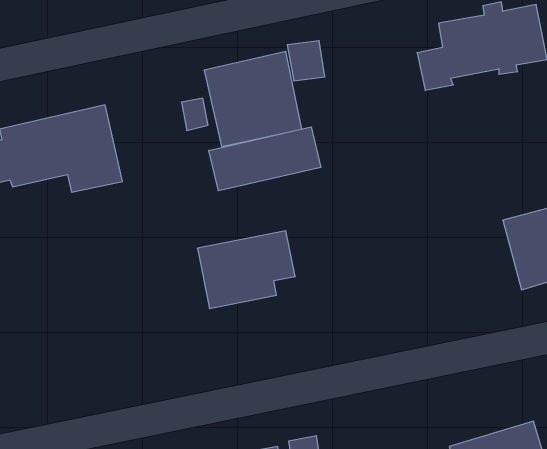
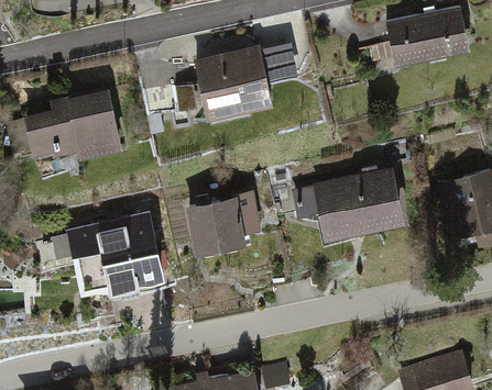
building: [209,127,321,191] -> none
building: none -> [292,168,408,245]
building: none -> [47,214,164,290]

